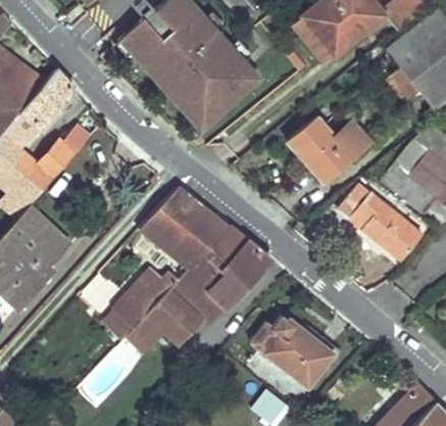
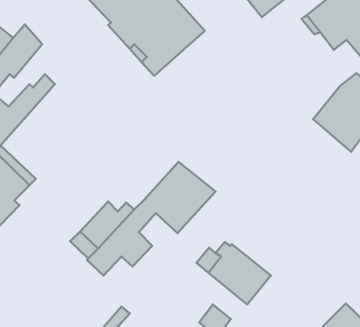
building: [288,115,371,182] -> none
building: [336,182,422,261] -> none
building: [140,186,229,269] -> none
building: [184,284,228,328] -> none

